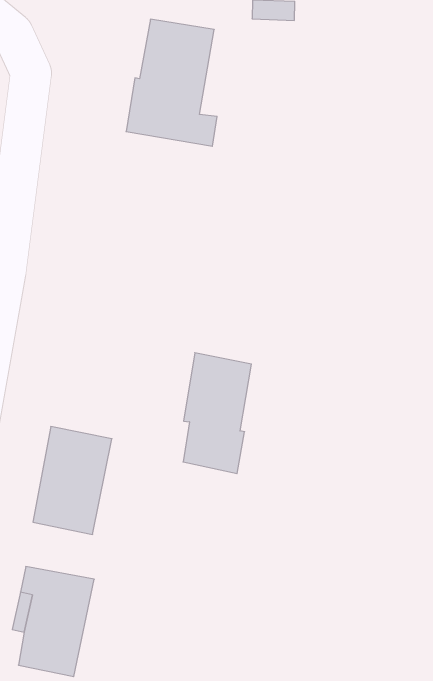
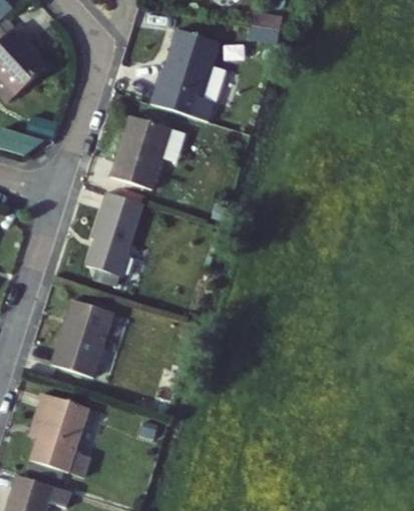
building: none -> [110,114,172,188]
building: [183,353,251,474] -> [88,190,144,278]

